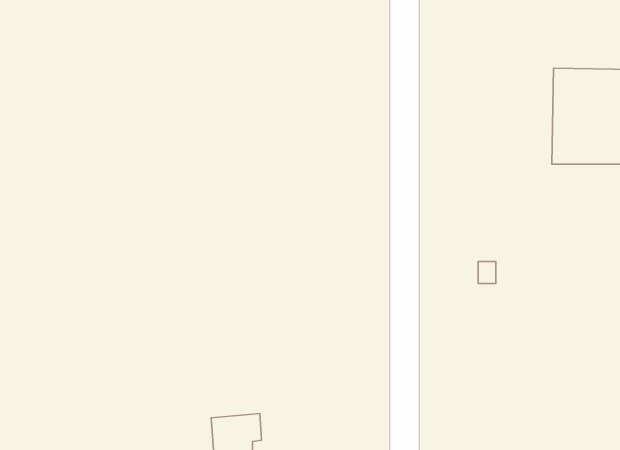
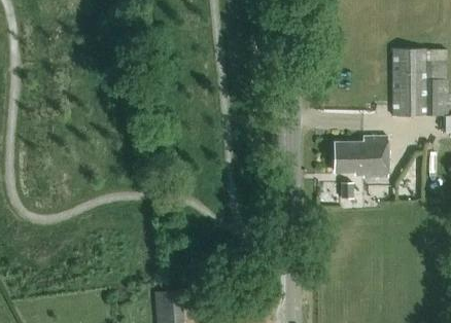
building: none -> [335,136,386,177]

